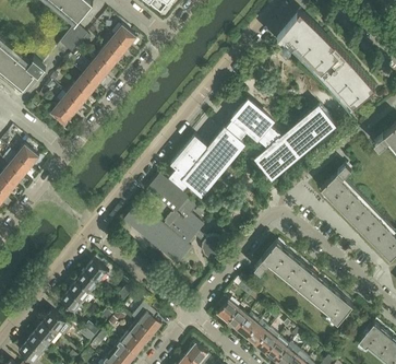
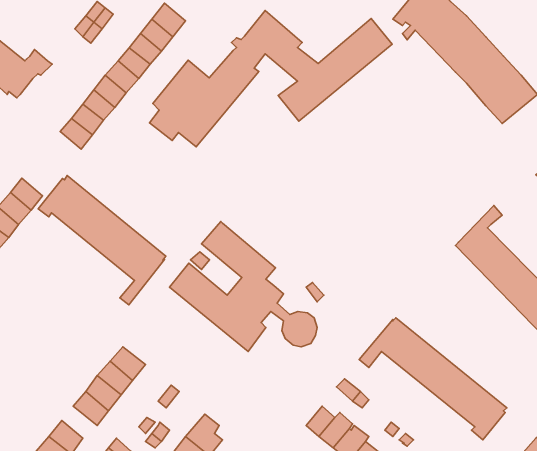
building: [168,102,333,195] -> [150,10,392,147]
building: none -> [38,176,166,305]

